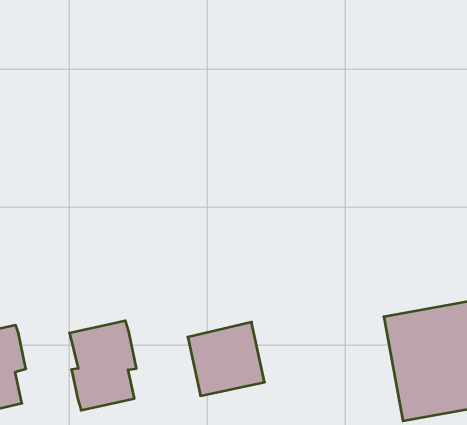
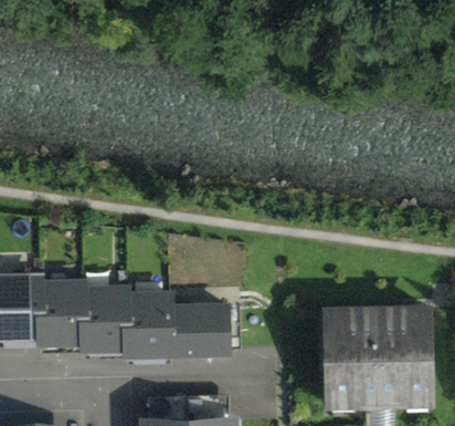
building: none -> [123,292,176,356]
building: none -> [34,279,84,343]

